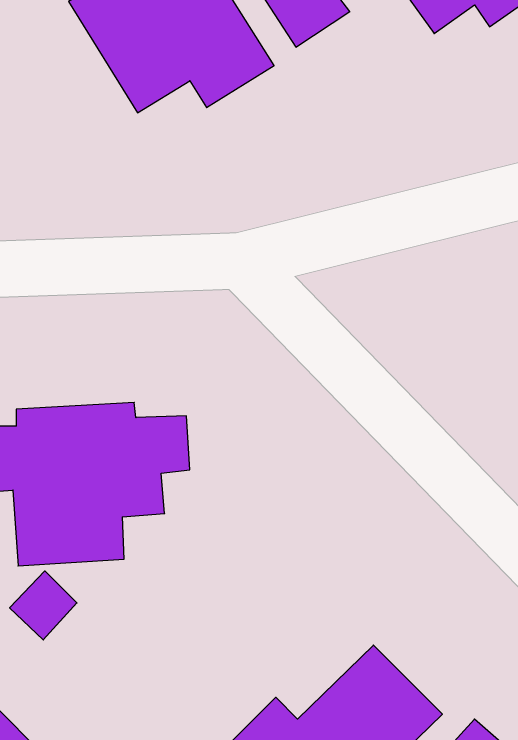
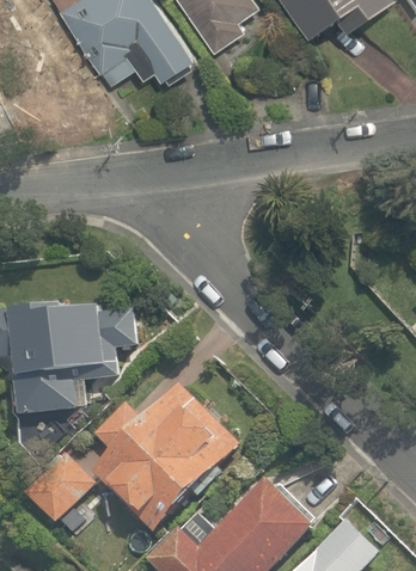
building: none -> [92,381,246,521]
building: none -> [29,454,96,520]

